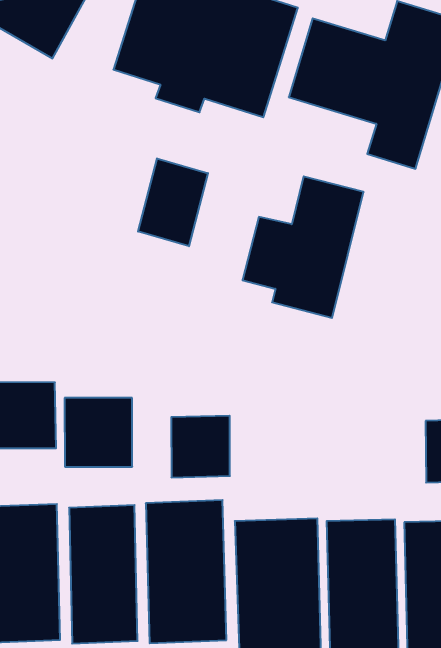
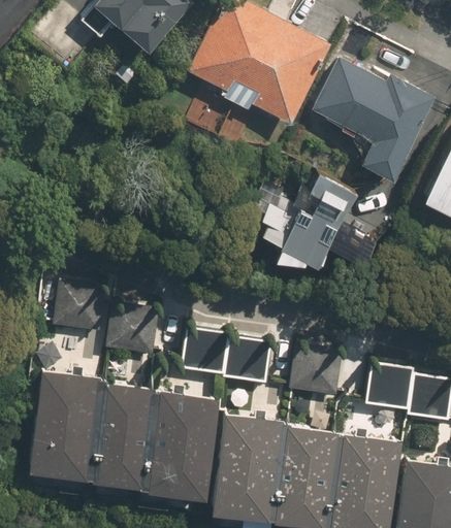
building: [138,158,208,246] -> none
building: none -> [290,341,346,398]
building: none -> [225,334,276,385]

